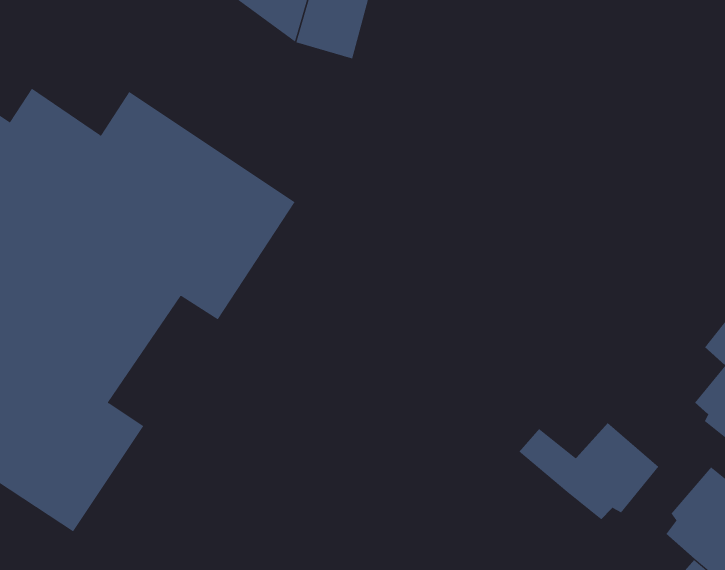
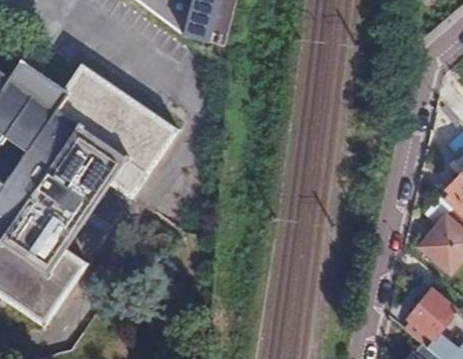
building: [518,422,659,520] -> none

